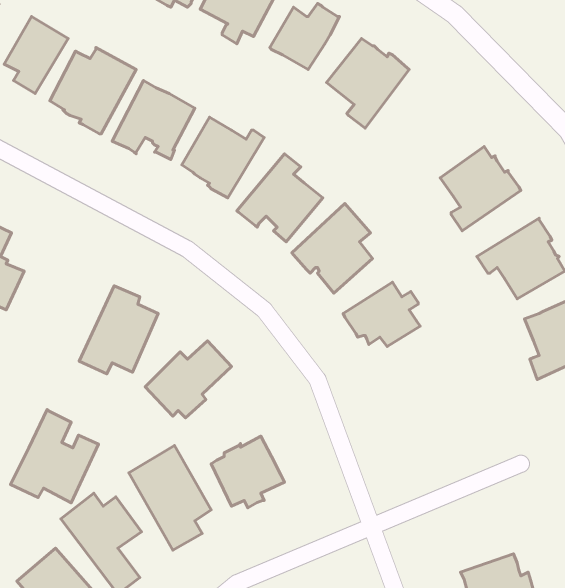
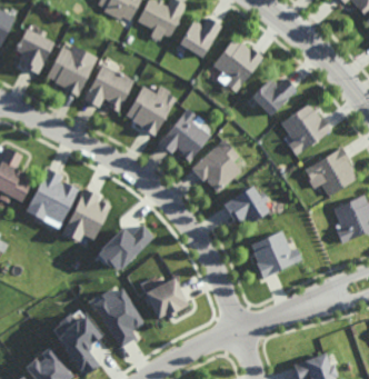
building: none -> [251,78,296,117]
building: none -> [250,232,302,280]
building: [11,409,99,503] -> [22,169,76,226]

